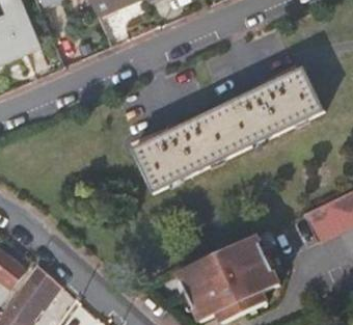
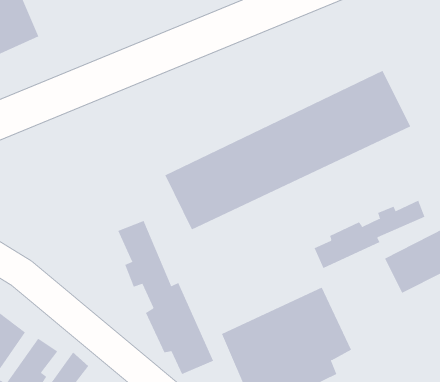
building: none -> [314,200,425,269]
building: none -> [117,220,214,375]

